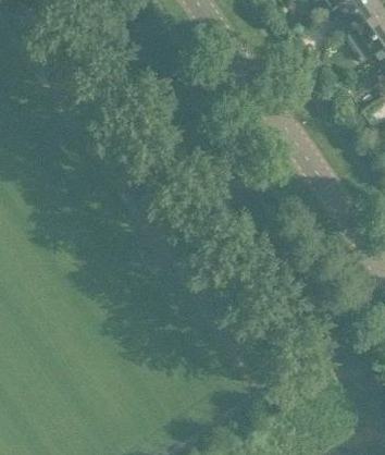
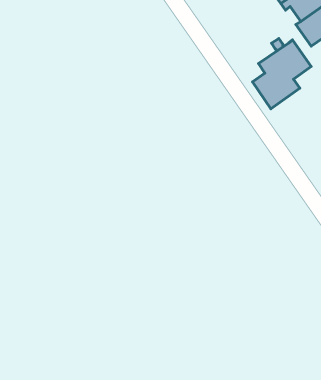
building: none -> [252,40,311,109]

